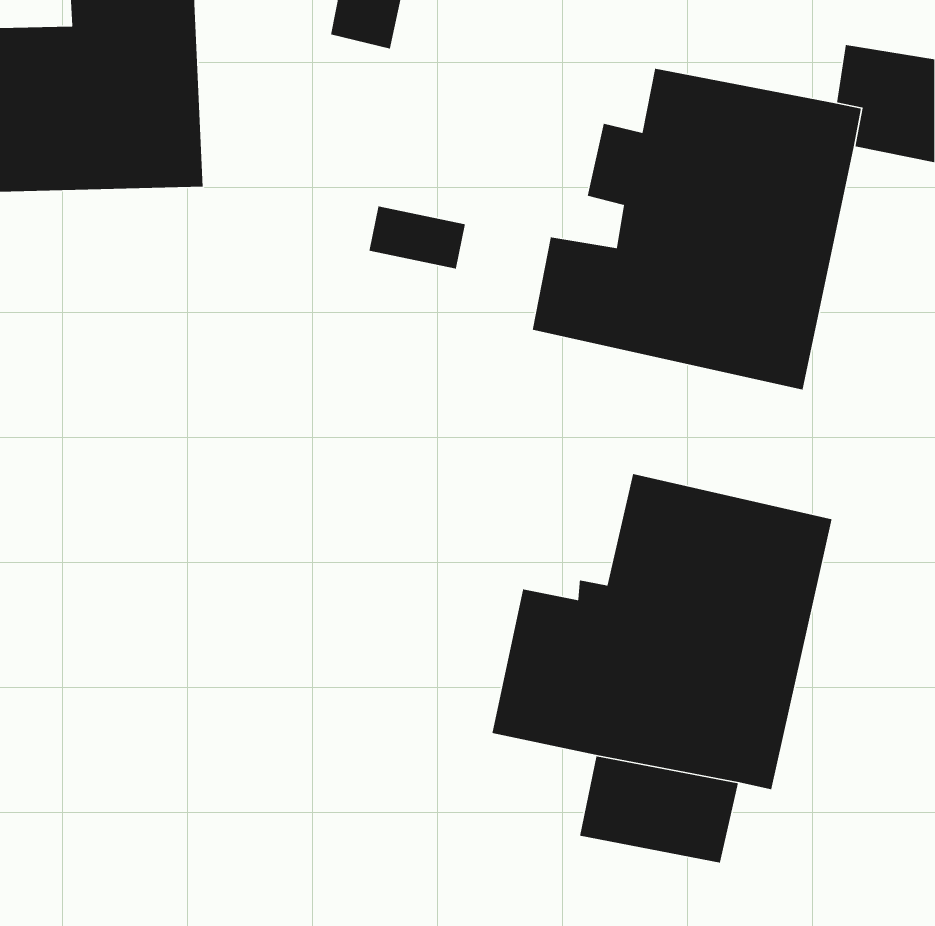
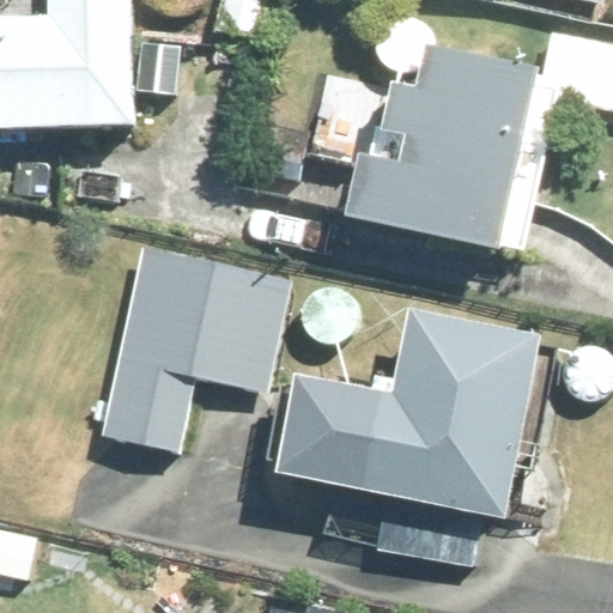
building: none -> [102,244,287,445]

